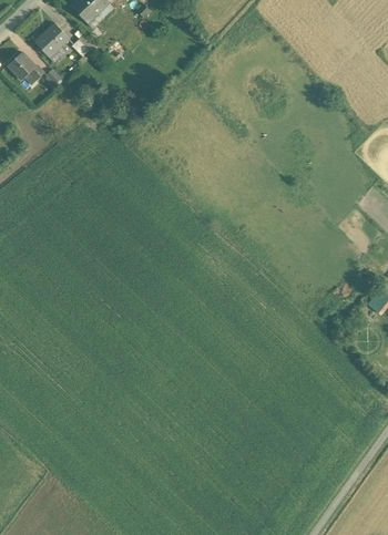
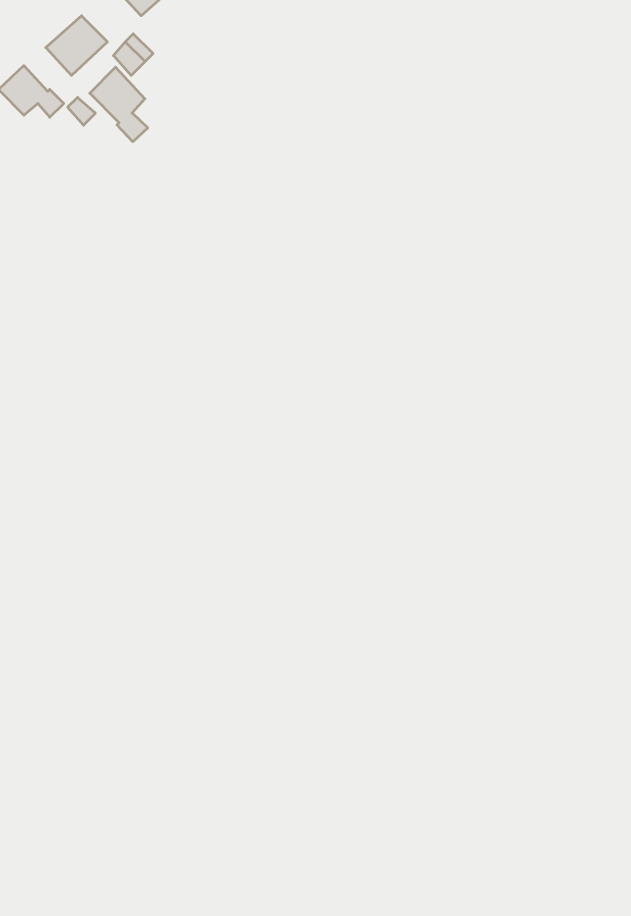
building: none -> [90,67,148,142]

